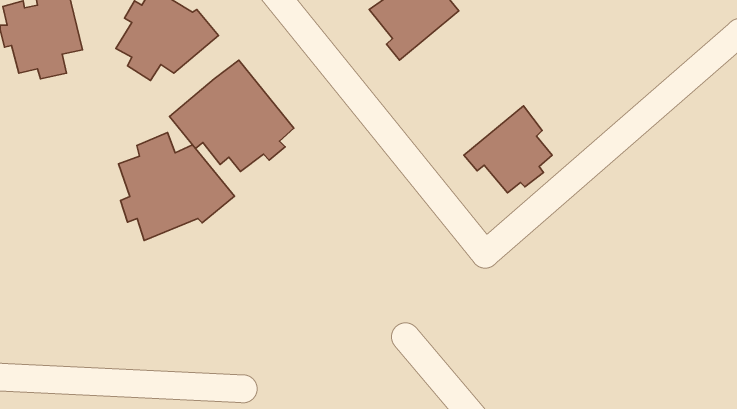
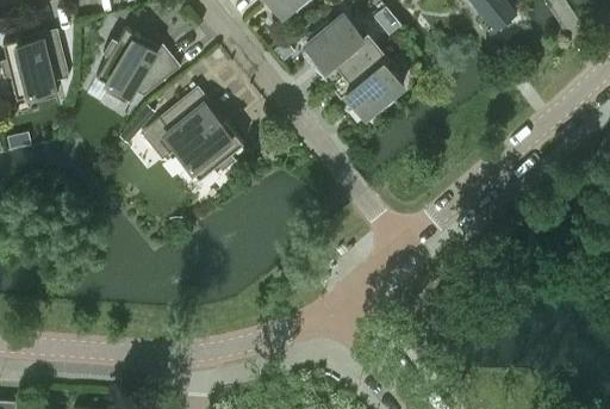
building: [464,106,552,193] -> [330,45,403,117]
building: [119,133,234,240] -> none

